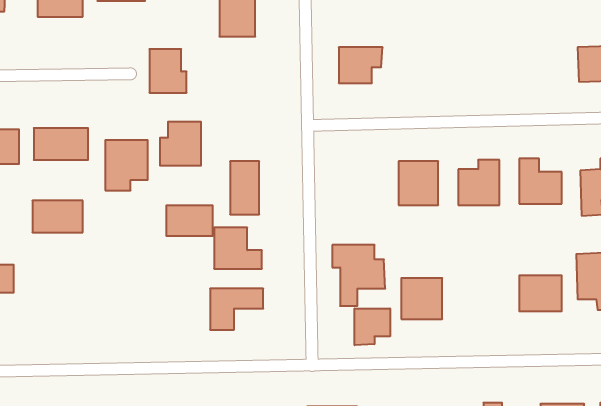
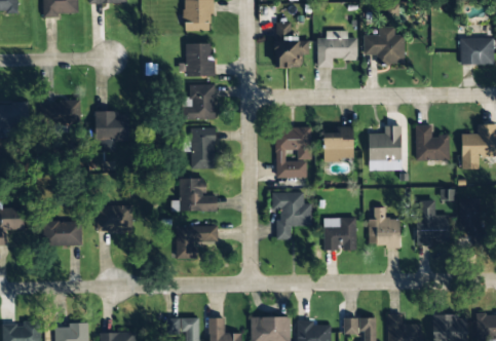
building: none -> [365,27,405,64]
building: none -> [318,37,358,67]
building: [149,49,187,93] -> [186,42,215,76]
building: [160,122,201,166] -> [183,84,215,118]
building: none -> [276,127,312,177]
building: [32,201,83,232] -> [42,221,81,245]
building: [166,205,213,236] -> [97,206,132,230]
building: none -> [370,207,399,247]
building: [355,308,390,345] -> none

